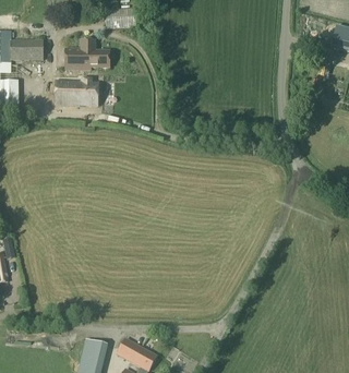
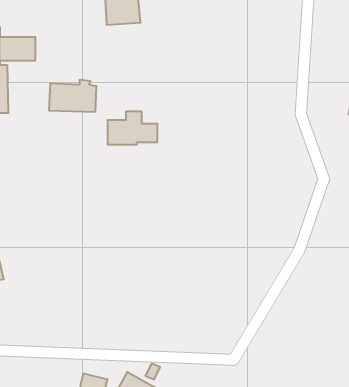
building: [64,39,109,69] -> [108,112,158,145]

